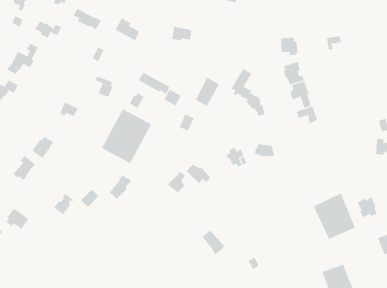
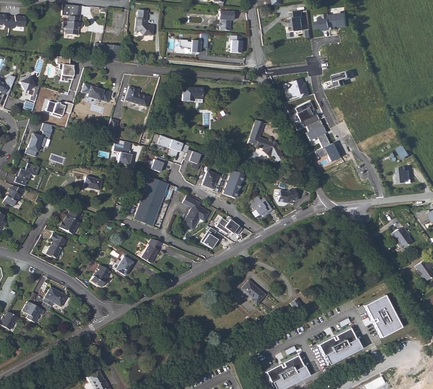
building: [195,77,220,107] -> [223,169,245,198]
building: none -> [180,197,209,229]
building: [313,193,355,240] -> none

